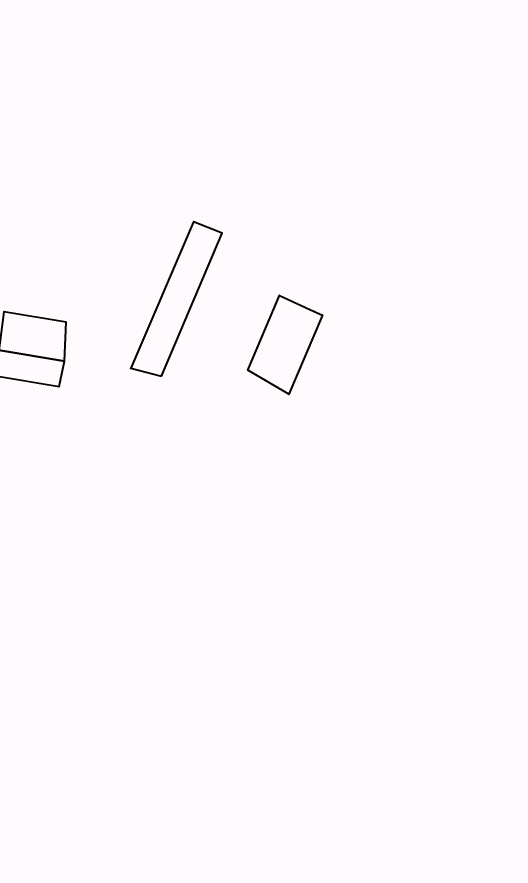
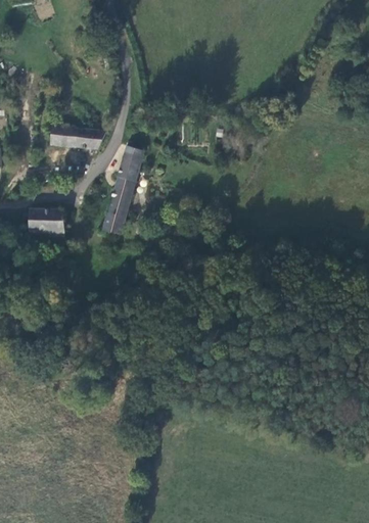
building: none -> [50,123,108,148]
building: [248,295,322,394] -> none

